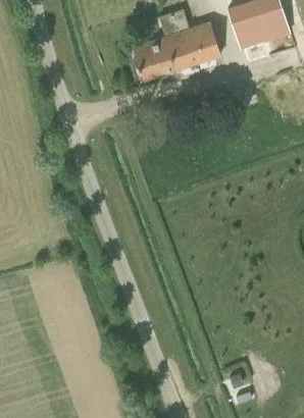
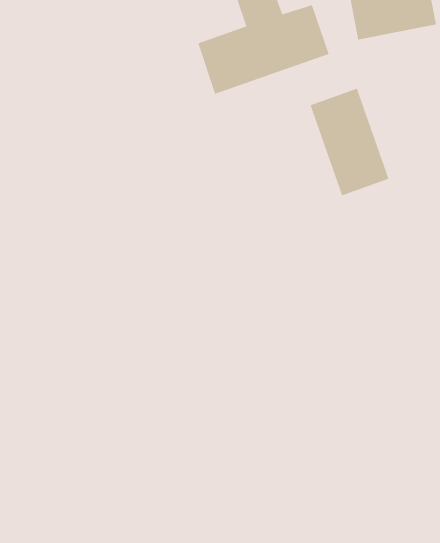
building: none -> [310,88,389,196]

